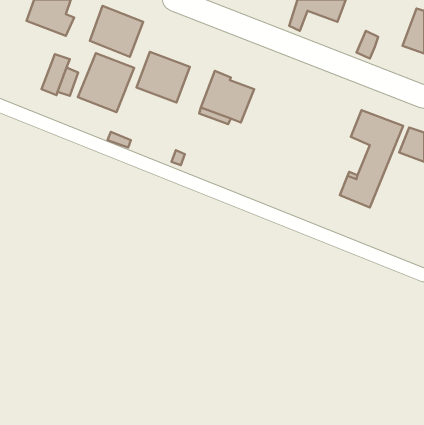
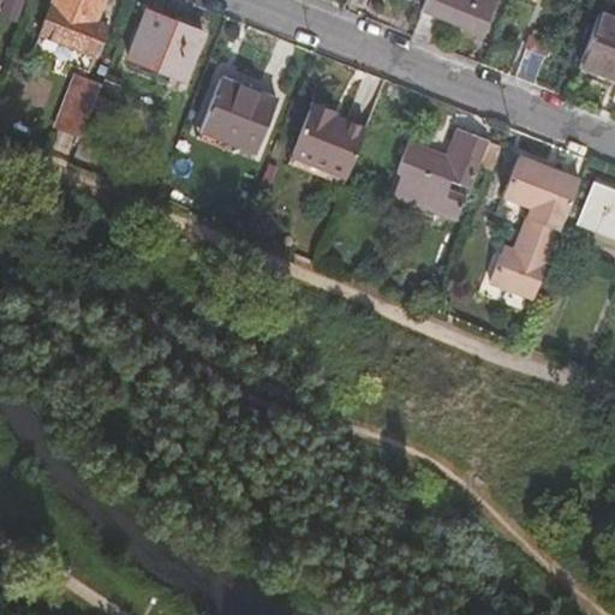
building: [78,53,134,112] -> none
building: none -> [394,129,503,220]

